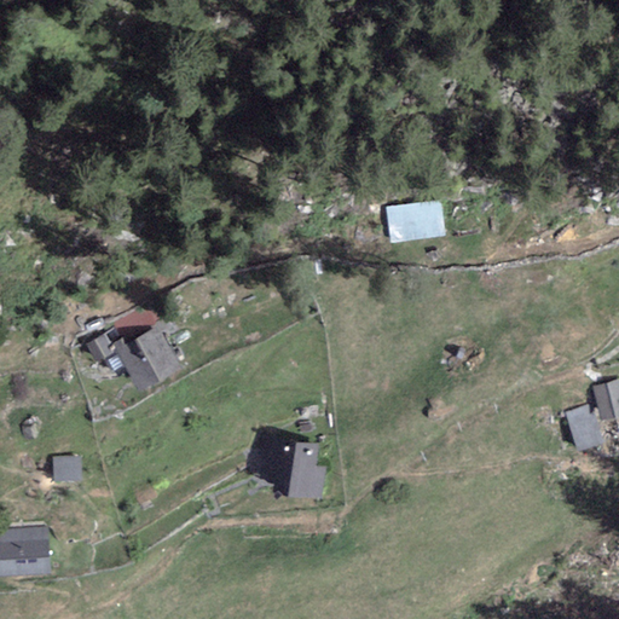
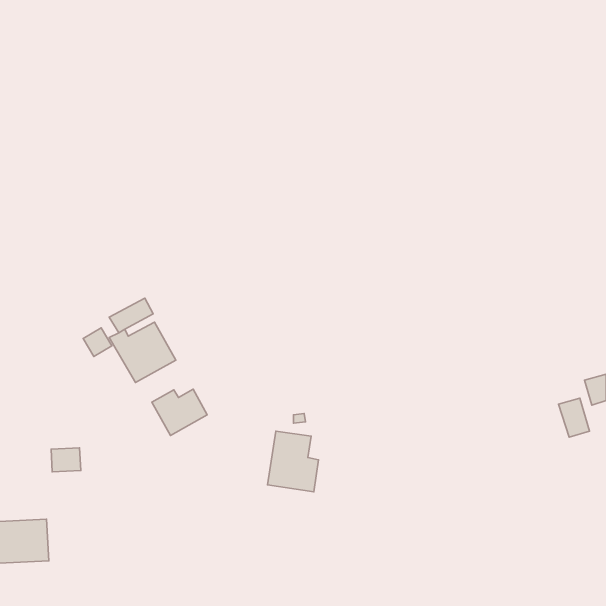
building: [386,199,444,242] -> none
building: none -> [152,389,207,436]

